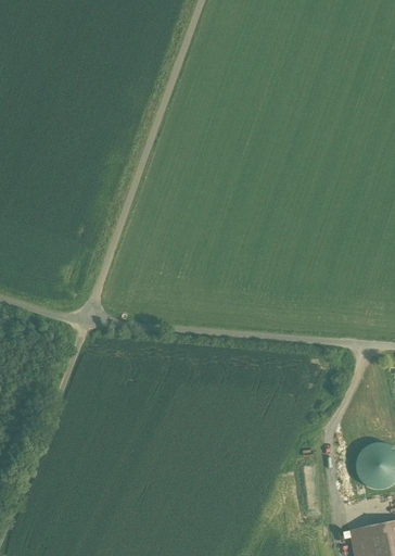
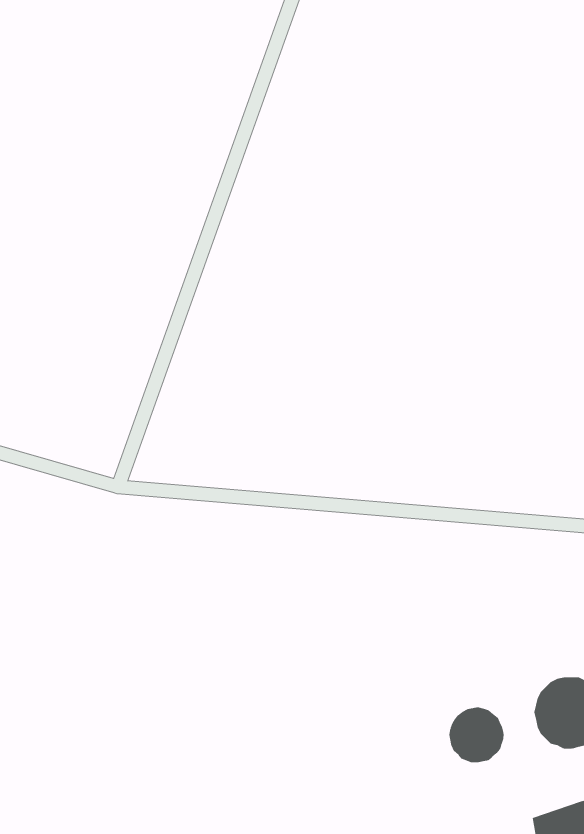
building: none -> [449,707,504,763]

